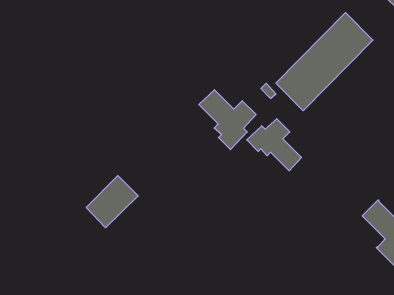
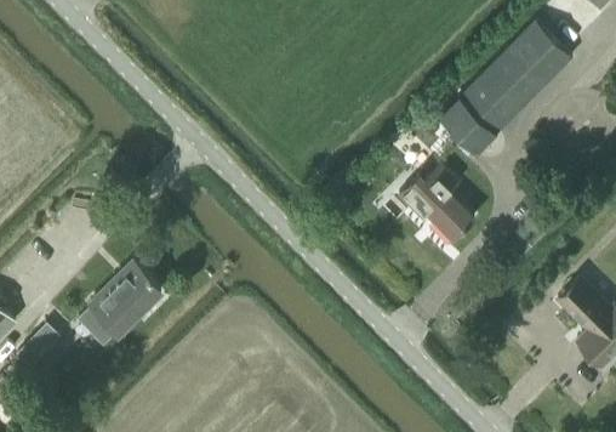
building: [199,90,256,150] -> none
building: [86,176,138,228] -> [89,265,160,336]

